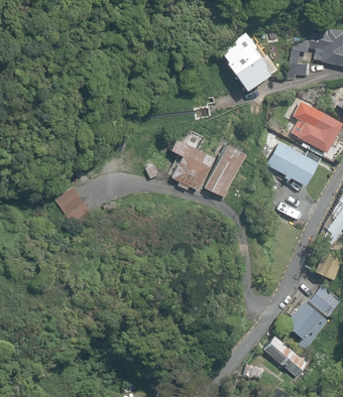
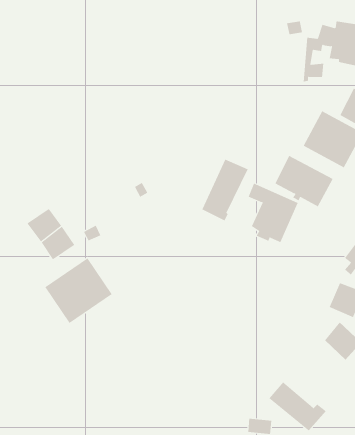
building: [218,30,268,91] -> none
building: [170,139,214,190] -> [248,183,298,243]
building: none -> [45,257,113,324]
building: [285,300,330,347] -> none

